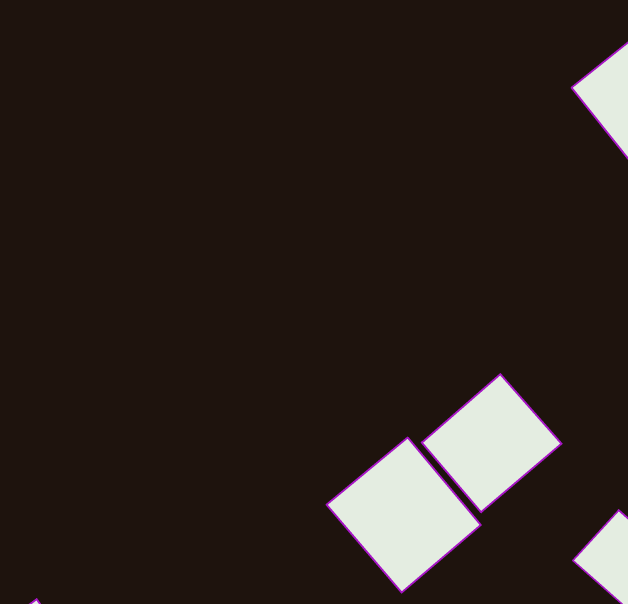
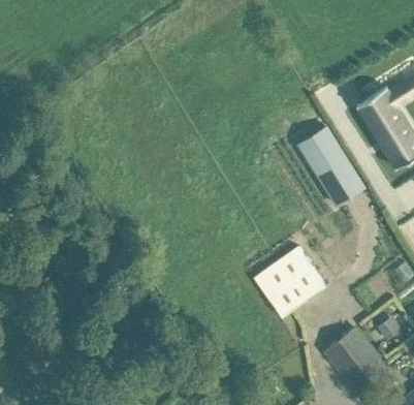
building: none -> [298,128,364,206]
building: [327,438,481,593] -> none

